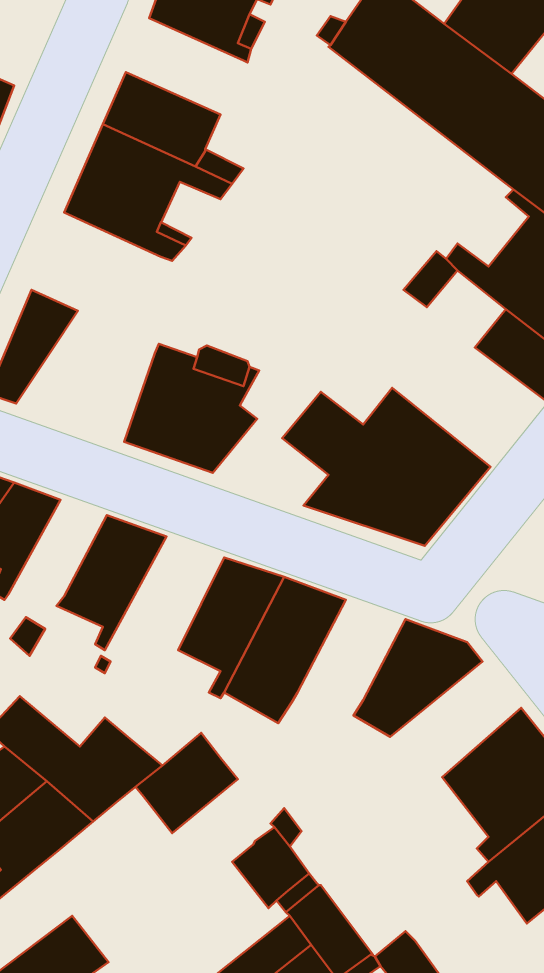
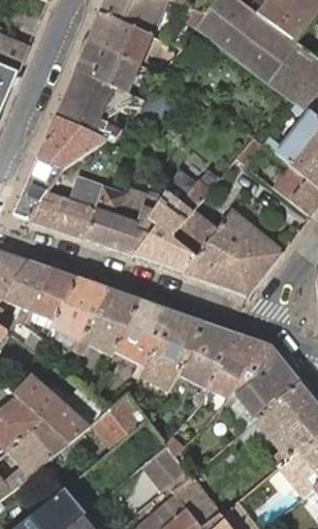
building: none -> [88,10,151,62]
building: none -> [37,115,106,167]
building: none -> [134,174,211,272]
building: none -> [29,187,103,238]
building: none -> [25,269,77,322]
building: none -> [76,288,140,353]
building: none -> [180,322,237,400]
building: none -> [225,355,299,426]

